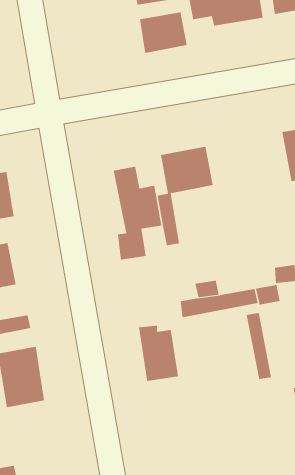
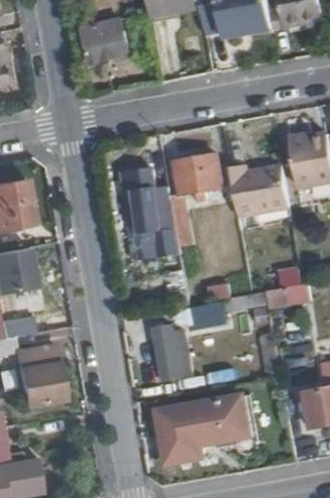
building: [139,12,187,54] -> [86,25,132,66]
building: none -> [229,162,289,215]
building: none -> [158,395,250,464]

